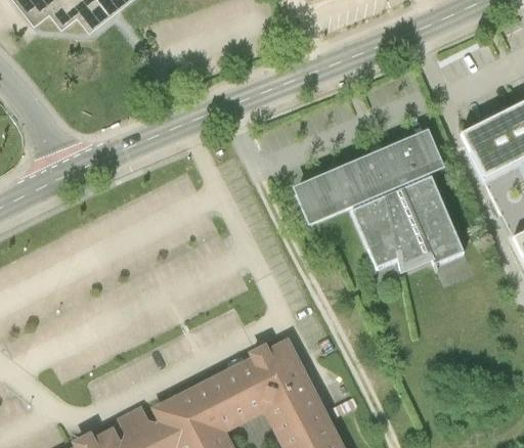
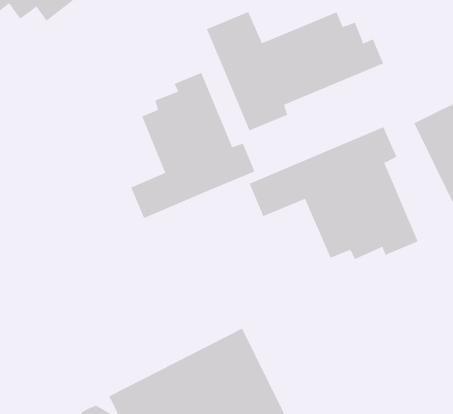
building: none -> [206,11,384,131]
building: none -> [130,72,255,219]

